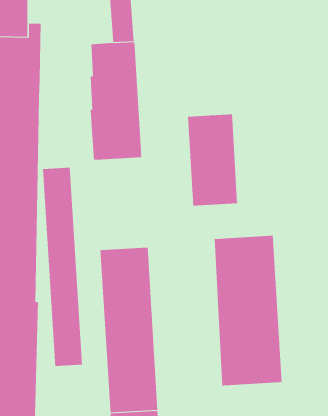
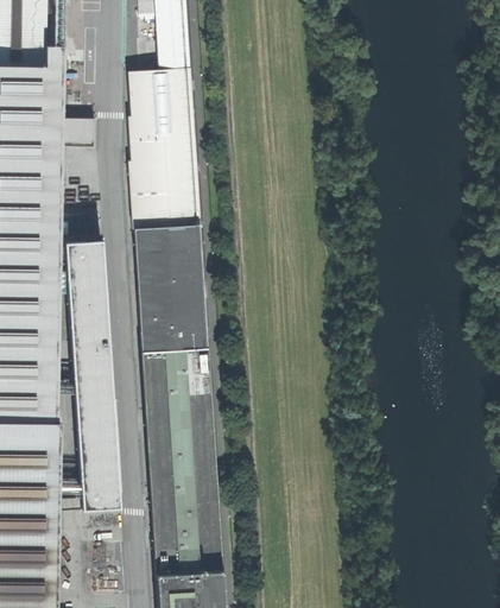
building: none -> [61,122,95,151]
building: [187,114,238,206] -> [137,229,205,354]
building: [214,235,282,386] -> none

